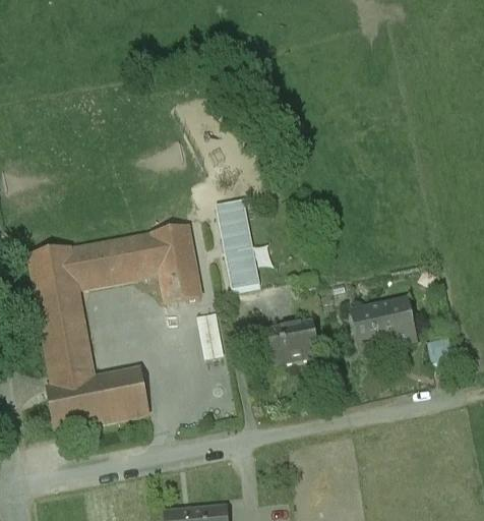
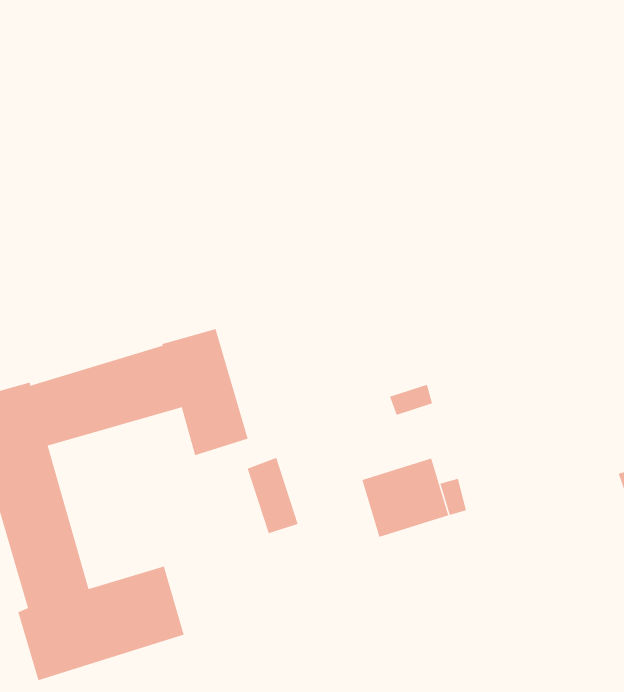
building: [218,196,259,287] -> none
building: [351,298,416,354] -> none

